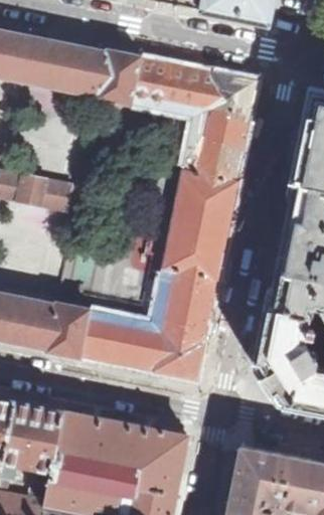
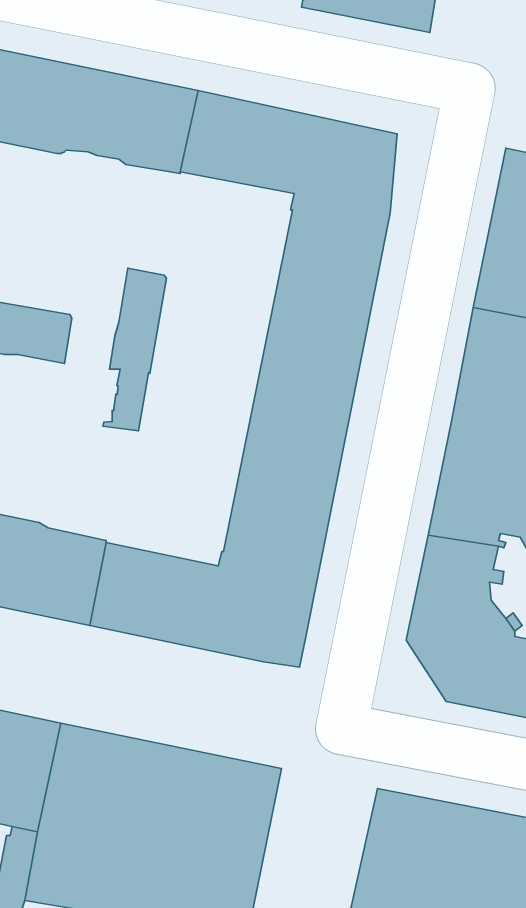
building: none -> [103,268,166,431]

